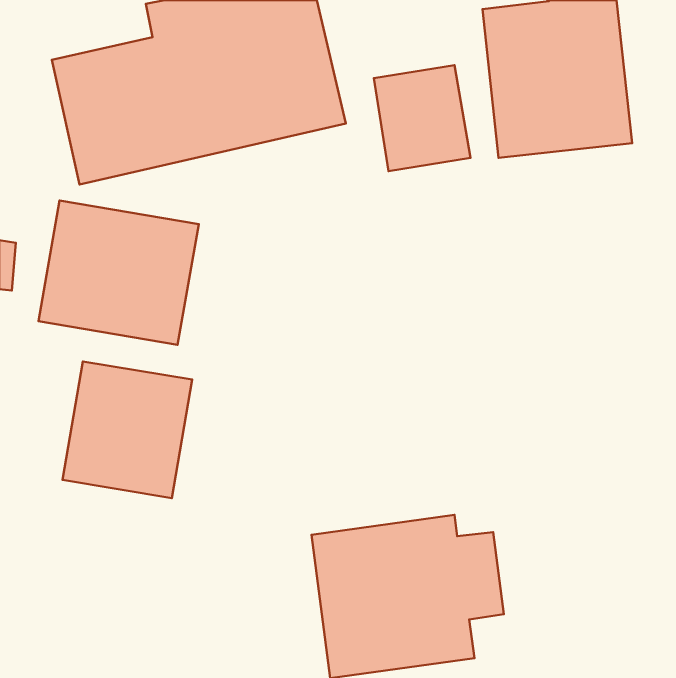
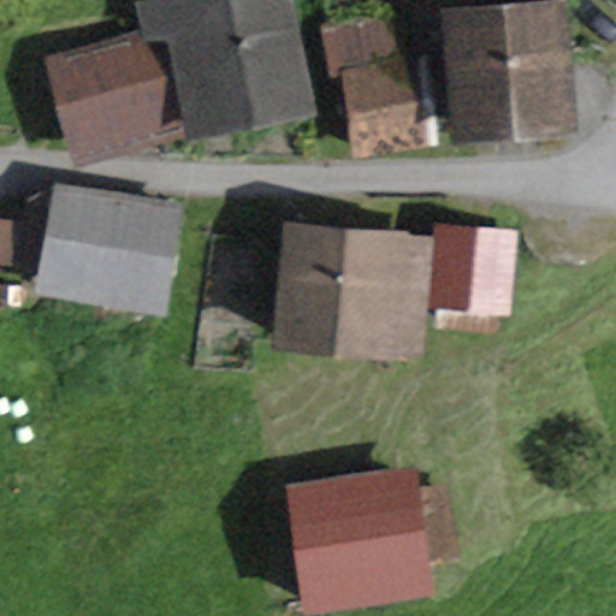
building: none -> [267,221,515,359]
building: [63,361,192,498] -> none

